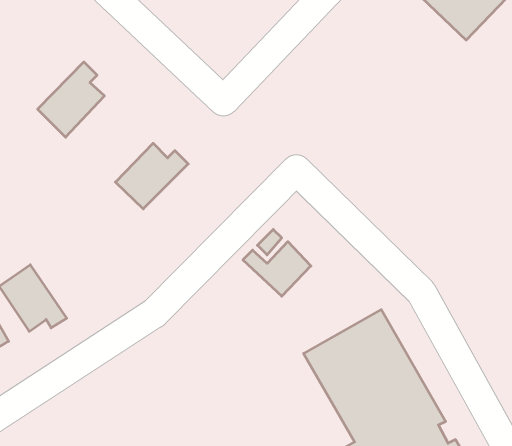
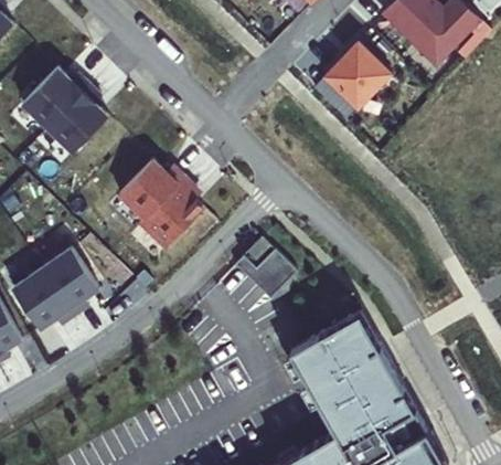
building: none -> [323,41,390,108]
building: none -> [21,68,88,129]
building: none -> [138,179,202,250]
building: none -> [40,251,97,319]

